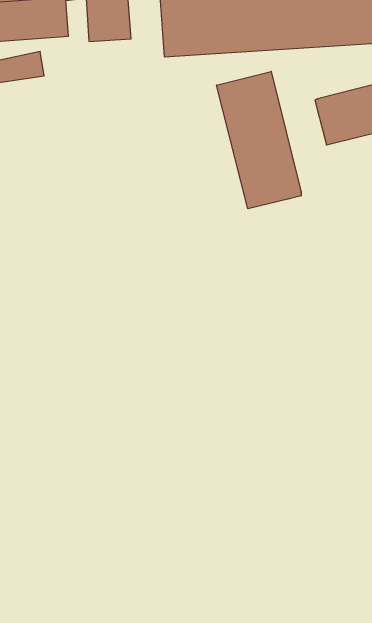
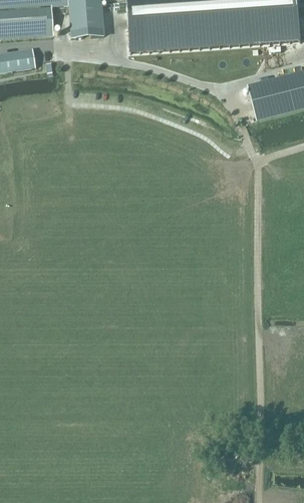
building: [217,71,301,209] -> none

